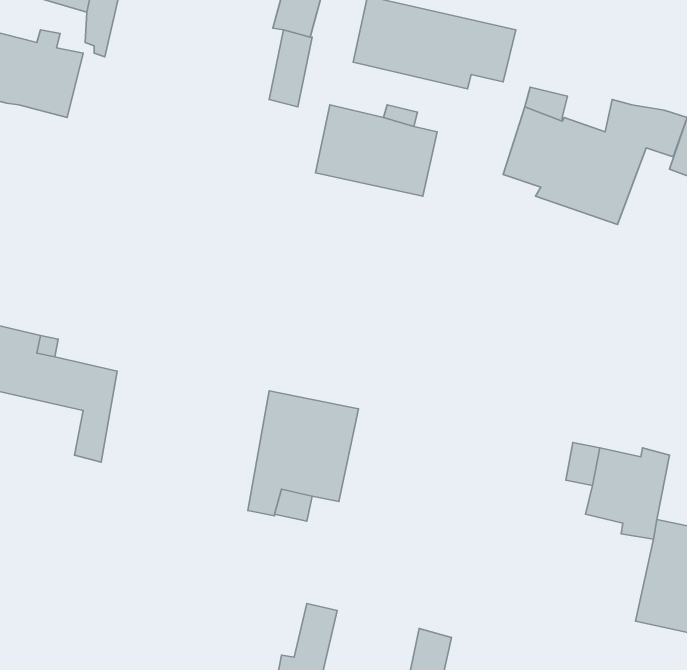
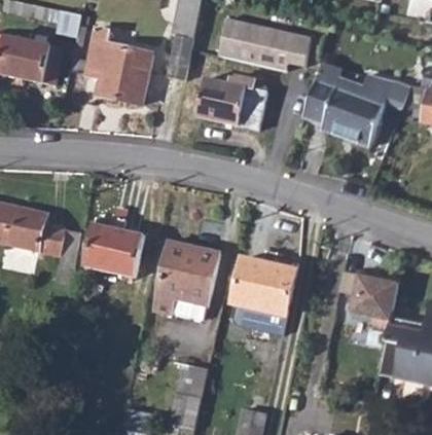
building: none -> [85,29,151,105]
building: none -> [86,218,144,278]
building: none -> [238,254,300,333]

